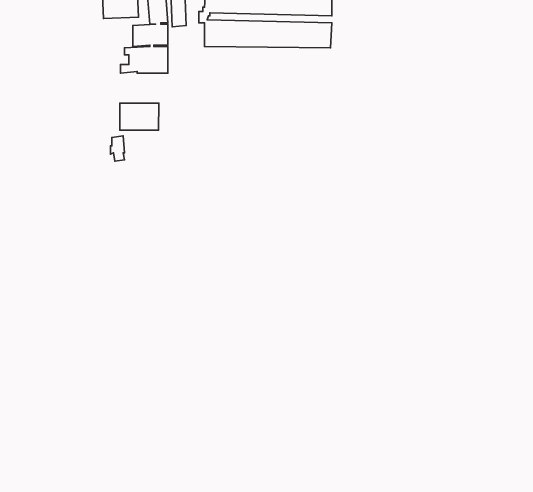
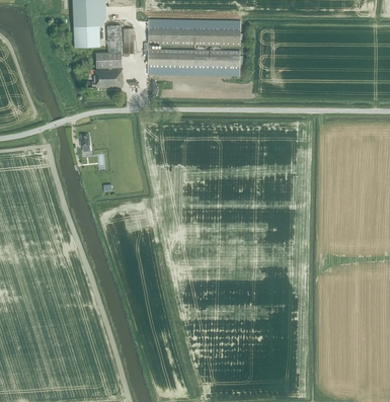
building: [120,103,159,130] -> none

